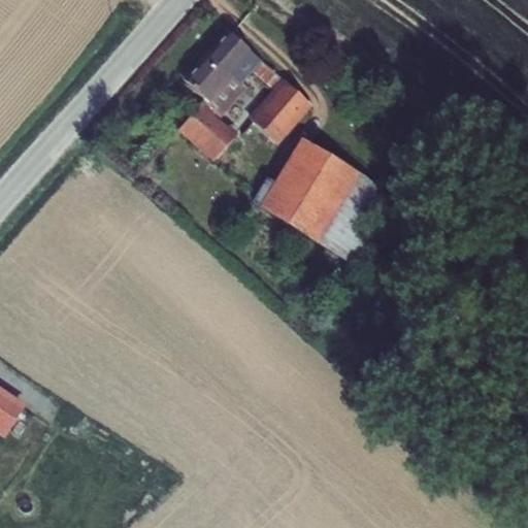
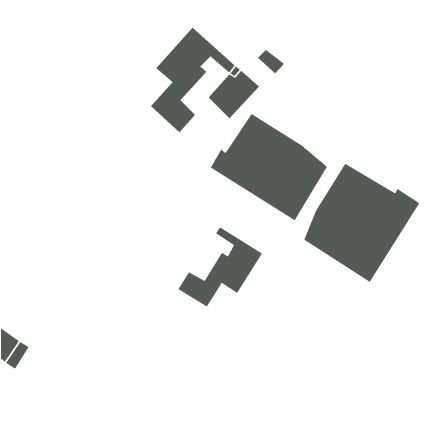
building: none -> [304,163,420,283]
building: none -> [178,227,263,307]

